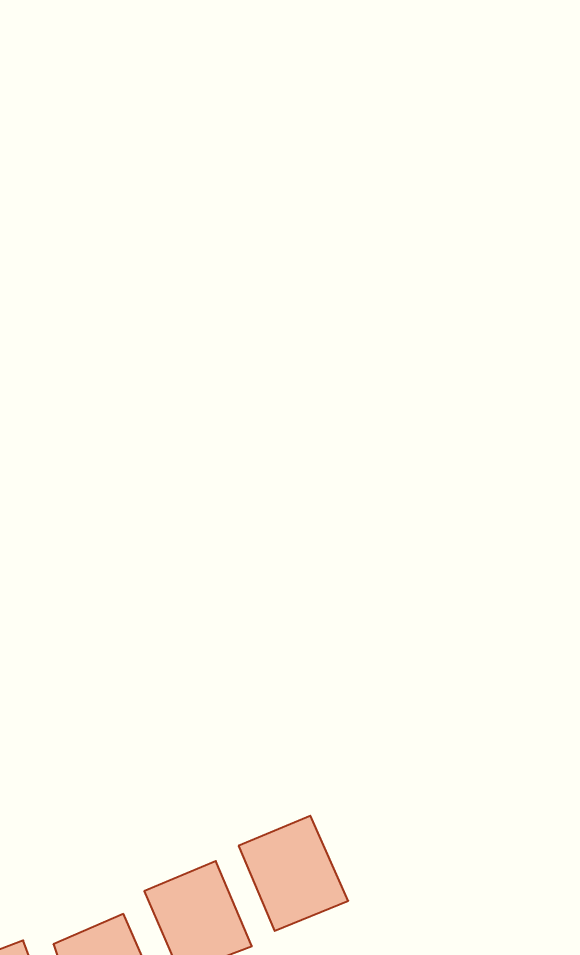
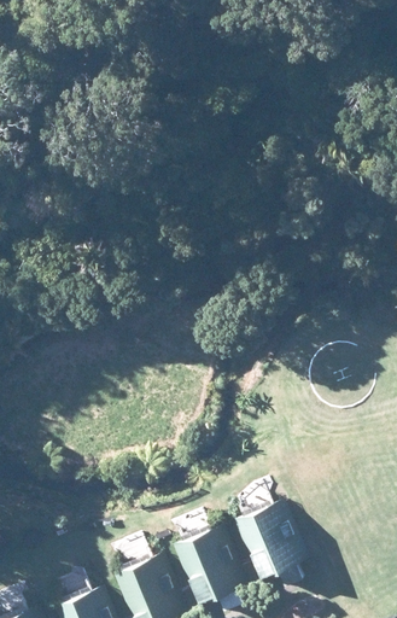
building: none -> [234,502,303,584]

